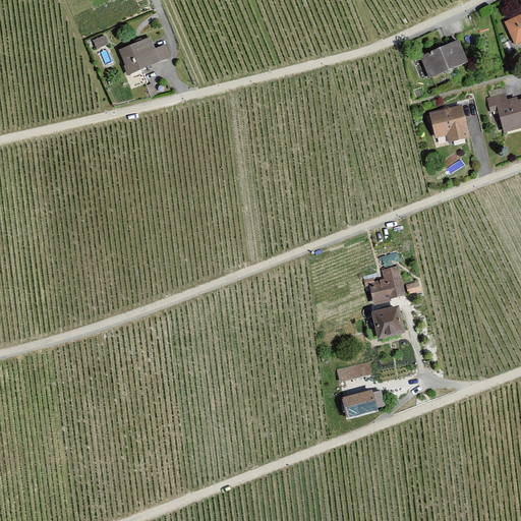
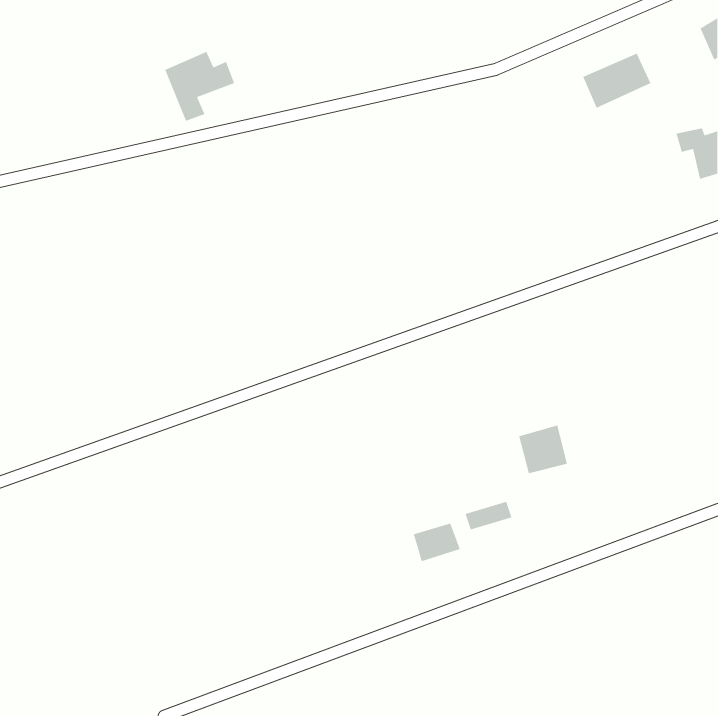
building: [427,100,471,140] -> none
building: [369,265,406,305] -> none
building: [344,390,379,418] -> [413,522,461,562]

